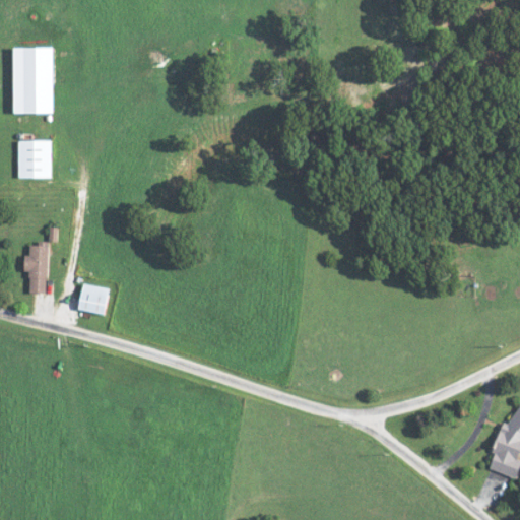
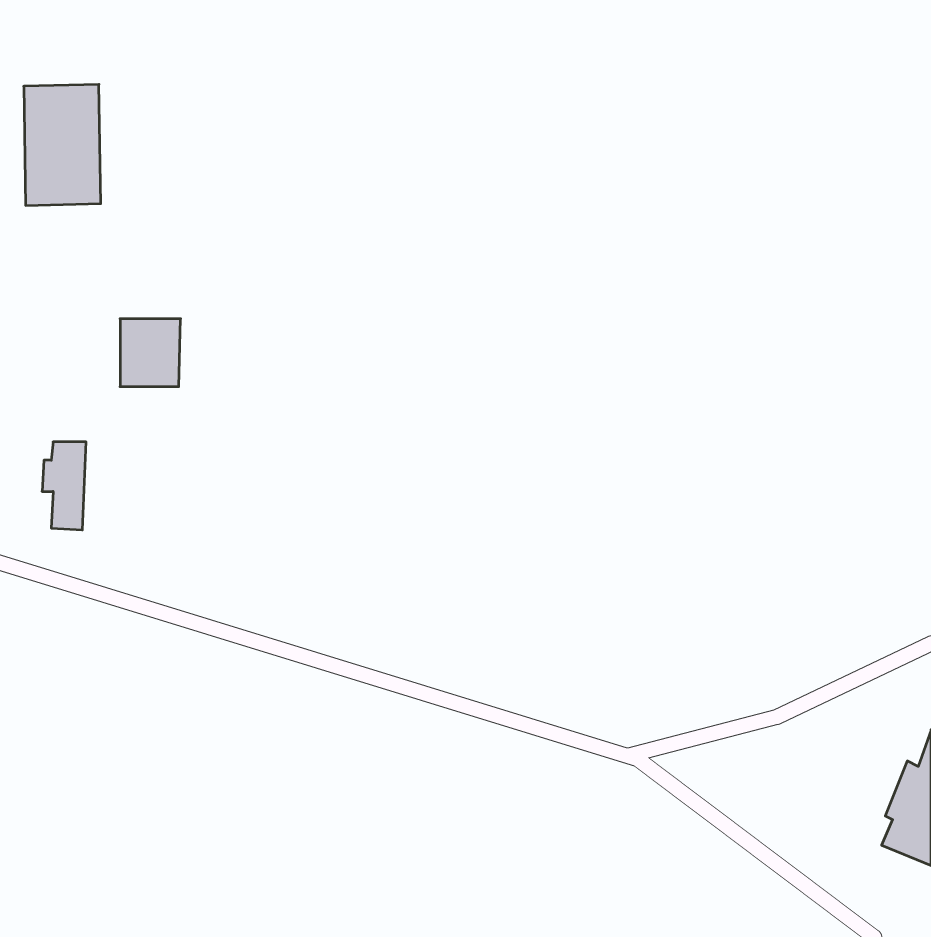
building: [17,140,51,178] -> [120,319,181,387]
building: [79,283,110,314] -> none

